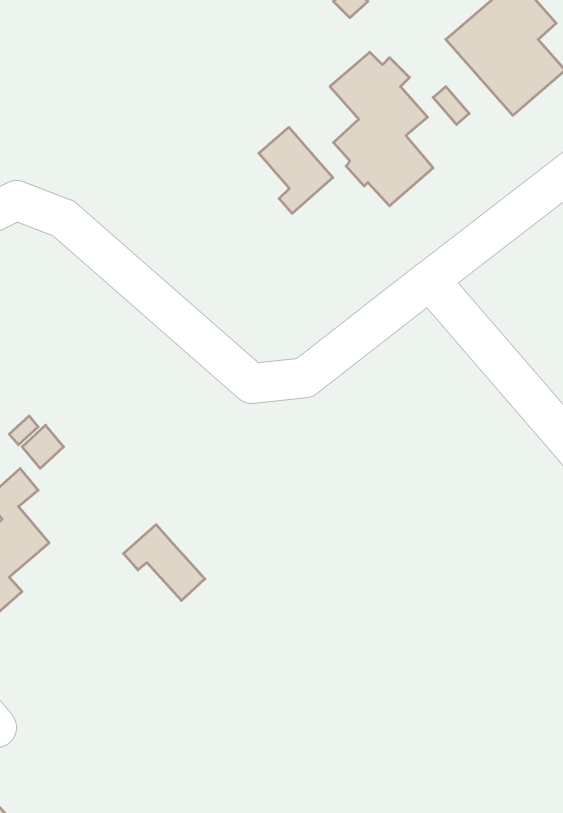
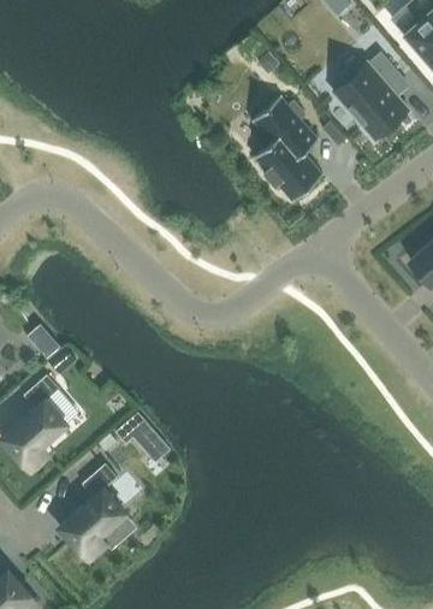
building: [259,127,333,213] -> none
building: none -> [60,465,126,562]

